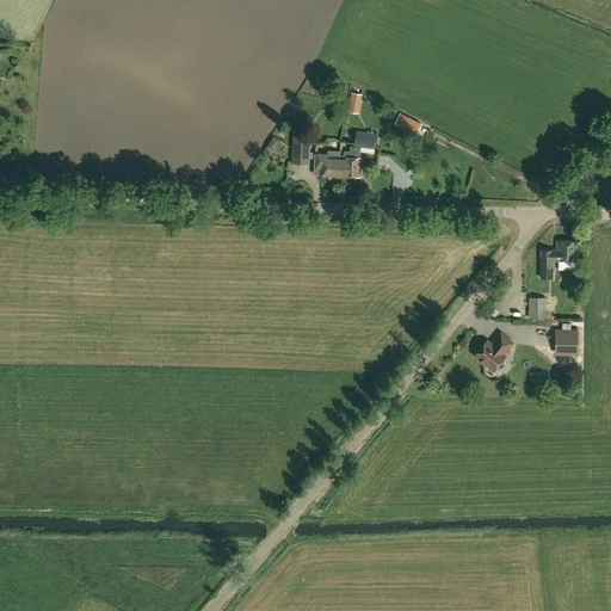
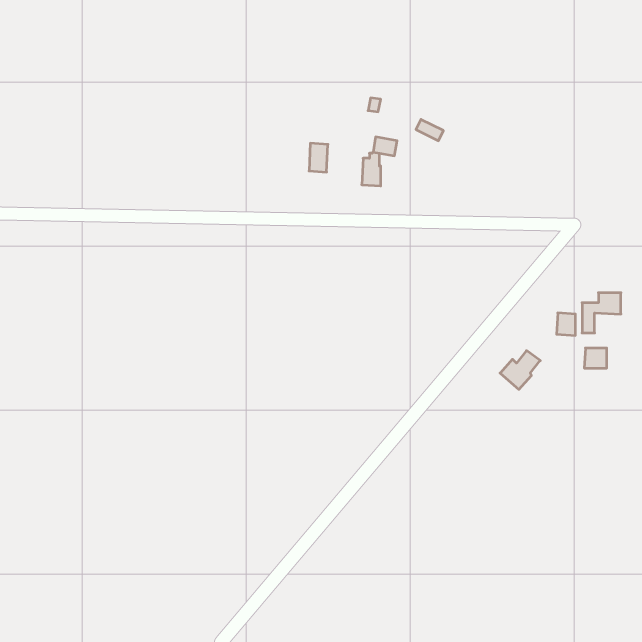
building: [316,150,345,175] -> none
building: [541,241,578,279] -> [582,293,621,333]

